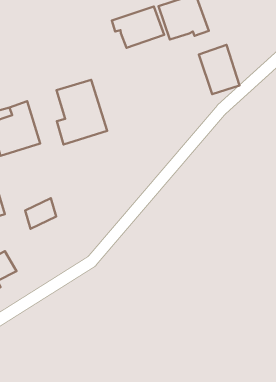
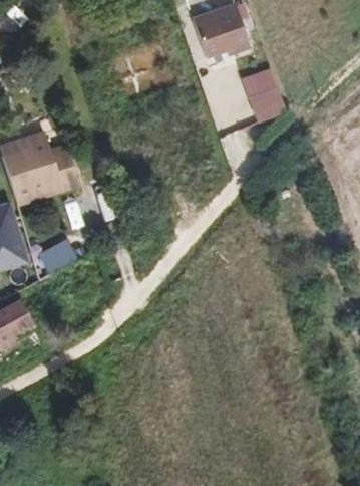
building: [112,6,164,48] -> none
building: [56,80,107,145] -> none

